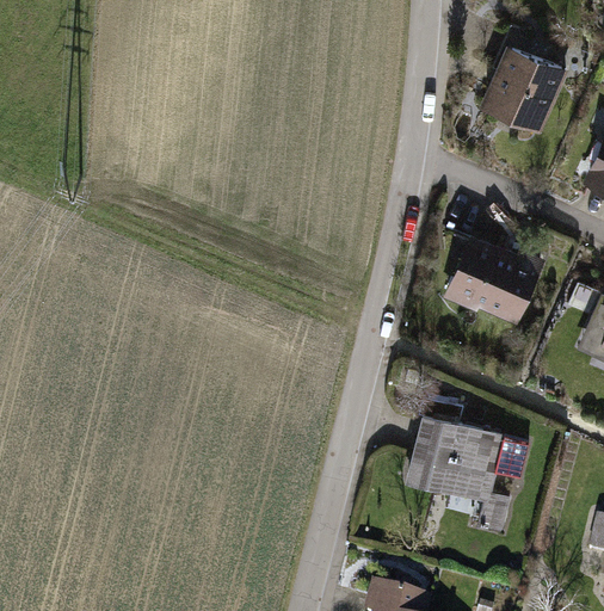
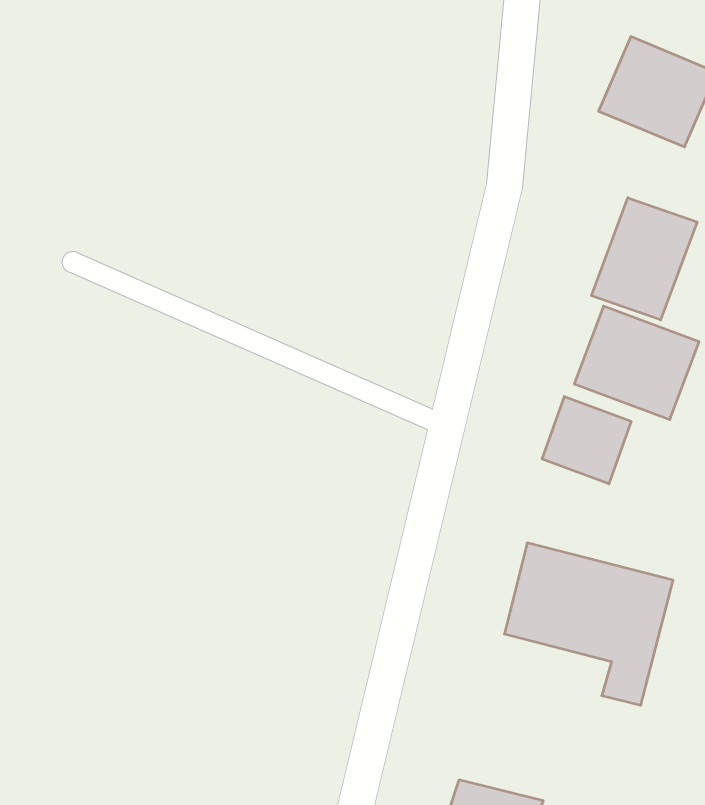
building: none -> [591,198,697,320]
building: none -> [542,396,631,484]

